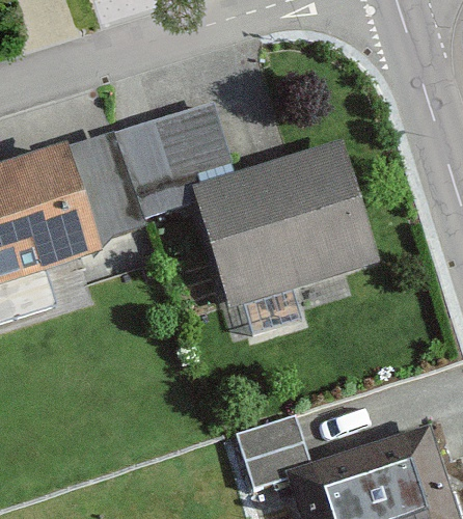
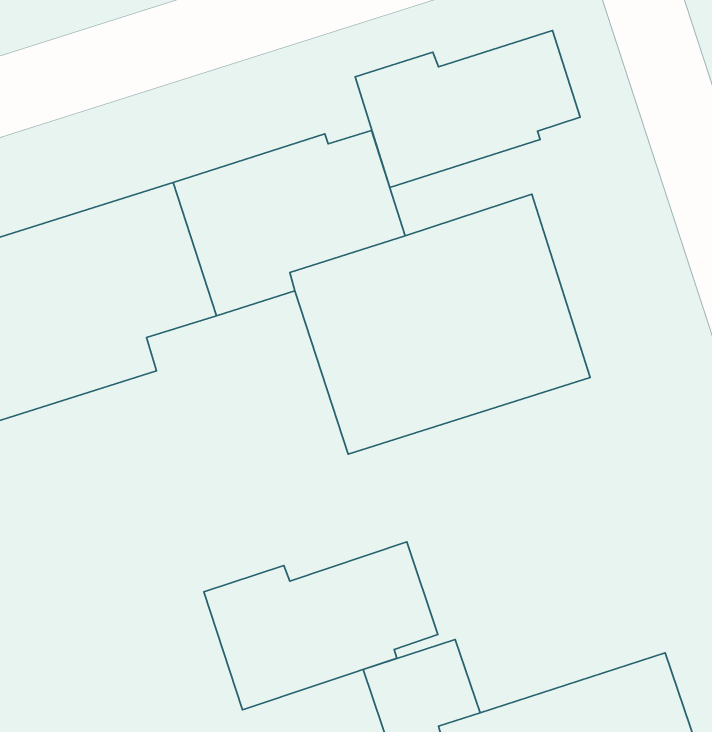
building: none -> [355,30,580,188]
building: none -> [204,542,438,710]

